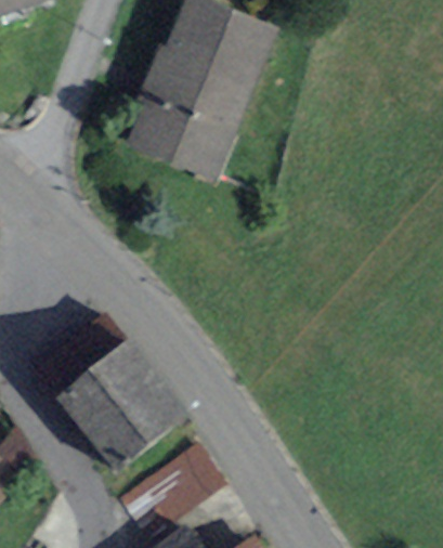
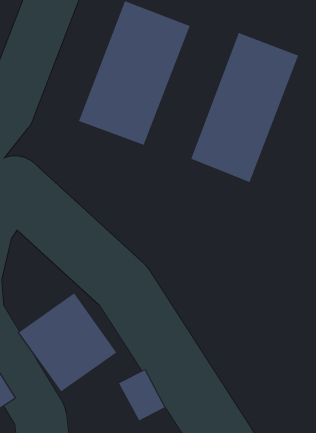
building: none -> [190,32,299,183]

